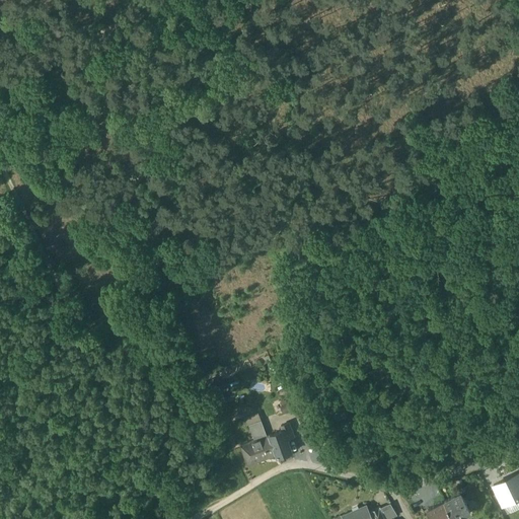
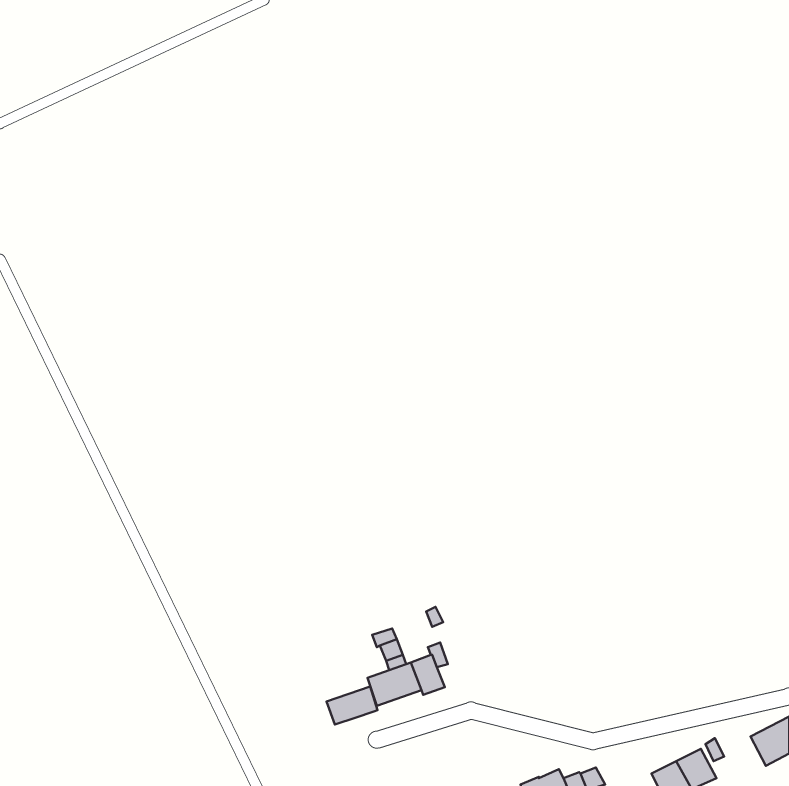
building: none -> [326,686,377,725]

